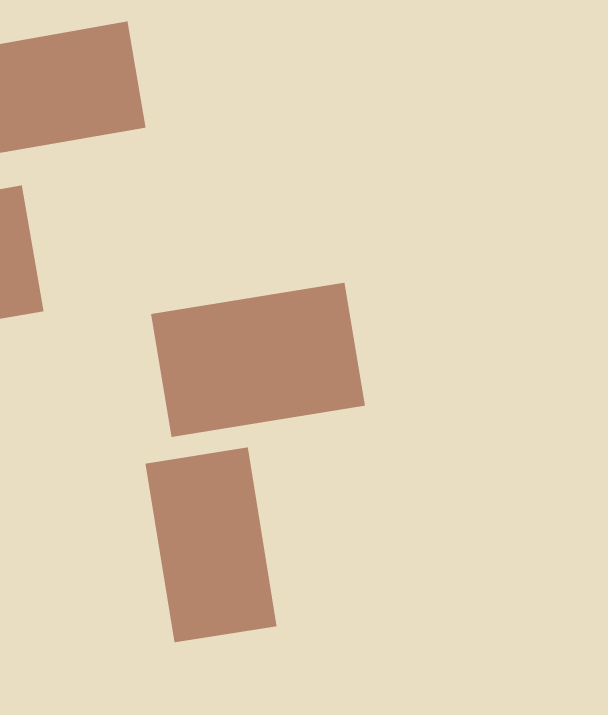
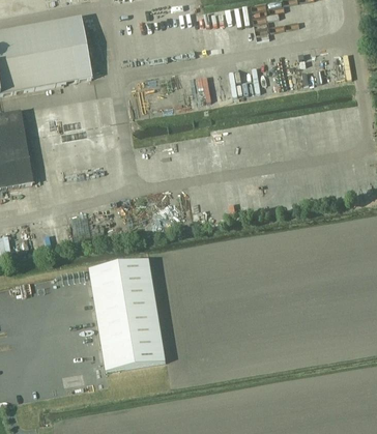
building: [150,282,366,438] -> none

